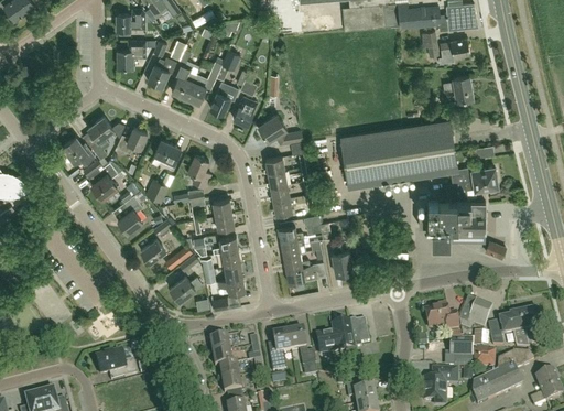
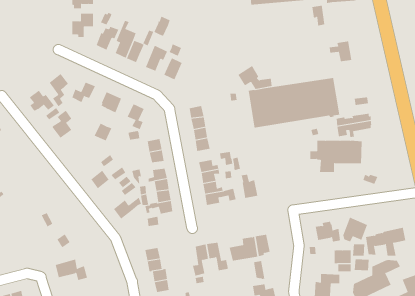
building: [438,39,469,63] -> none
building: [259,113,303,144] -> [238,65,272,90]
building: [118,195,143,232] -> none

